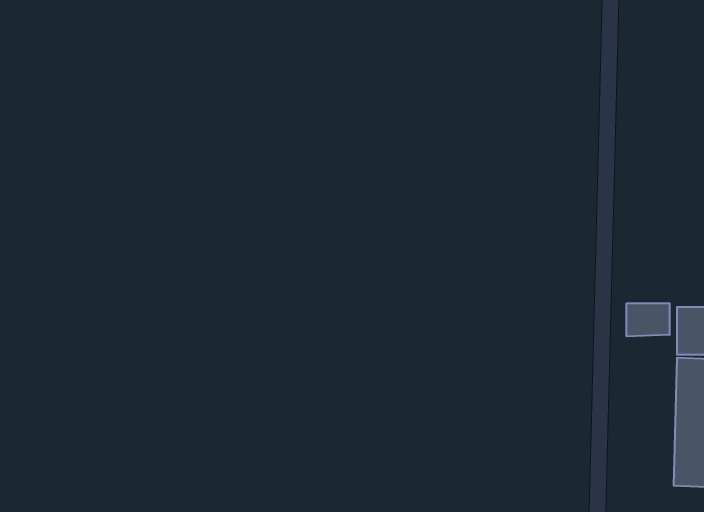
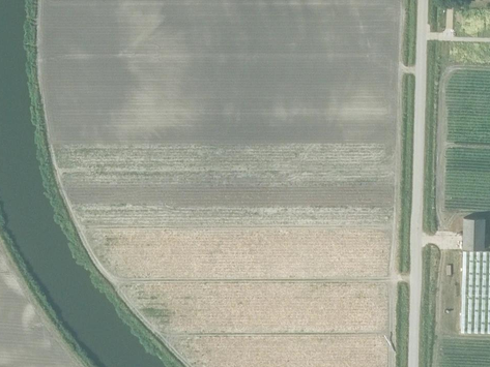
building: [627,303,670,336] -> none

